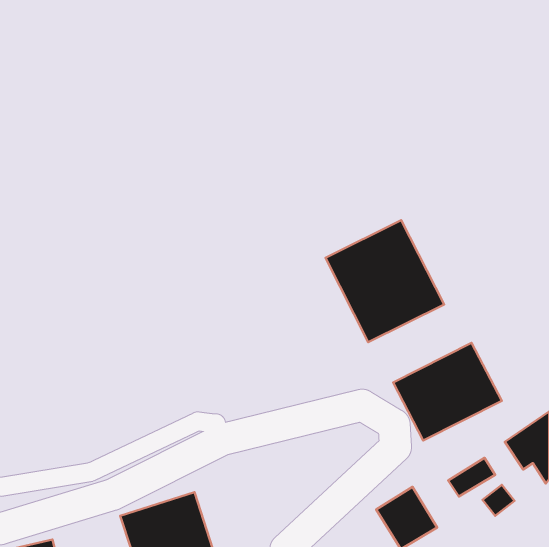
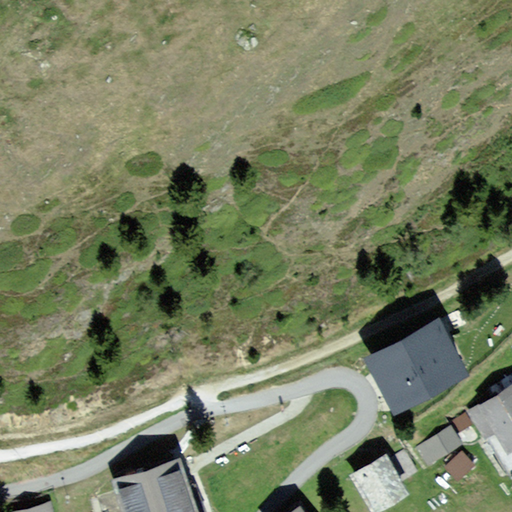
building: [325,220,444,342] -> none

